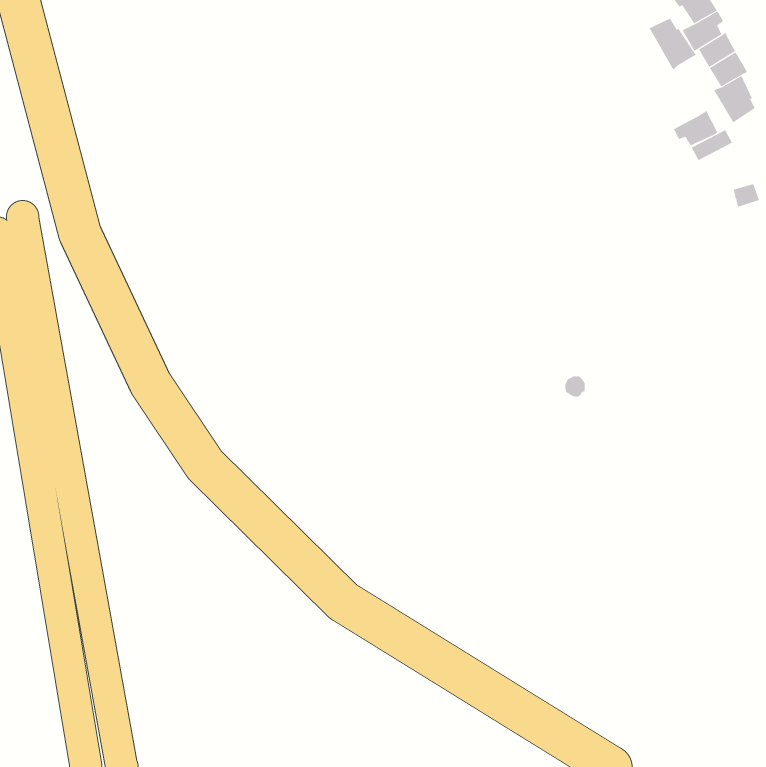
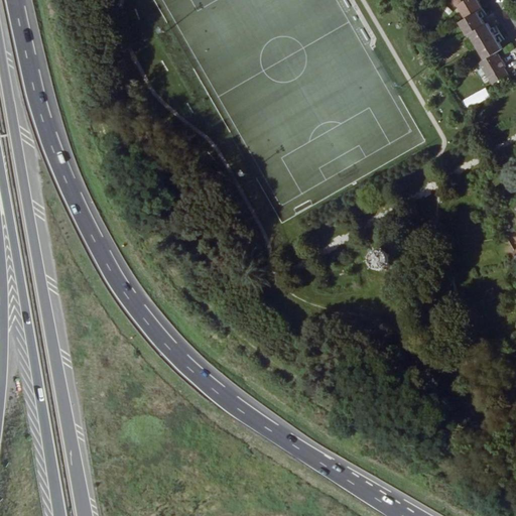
building: [649,18,696,71] -> none
building: [673,110,718,146] -> none

